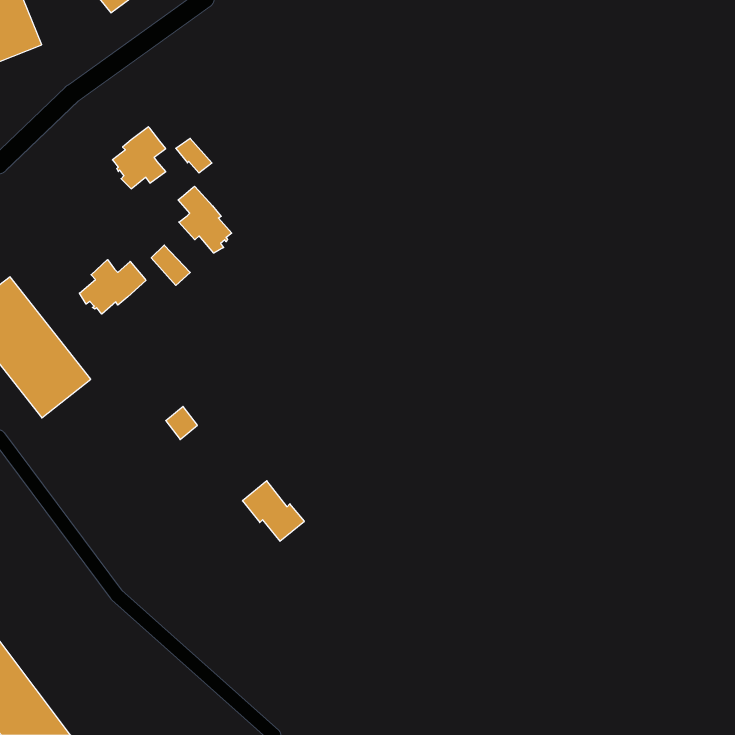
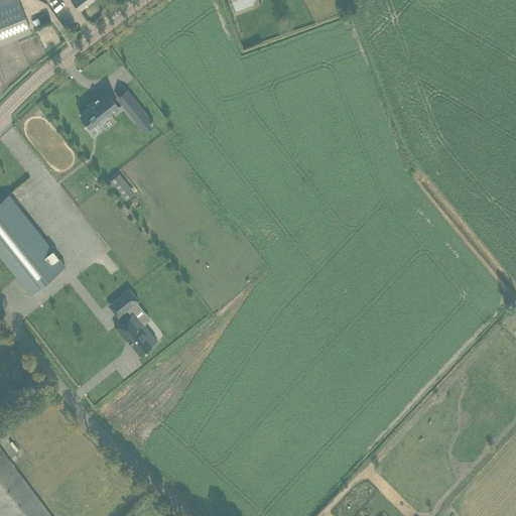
building: [178,186,232,253] -> none
building: [79,260,146,314] -> none
building: [242,481,304,541] -> [113,309,156,352]

